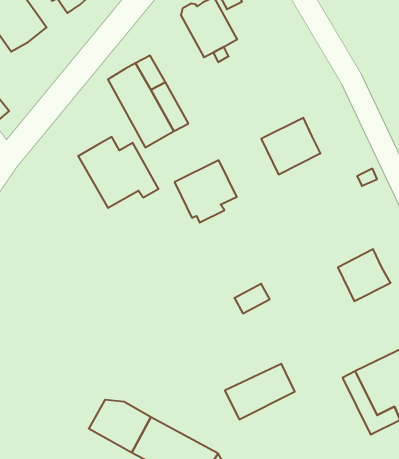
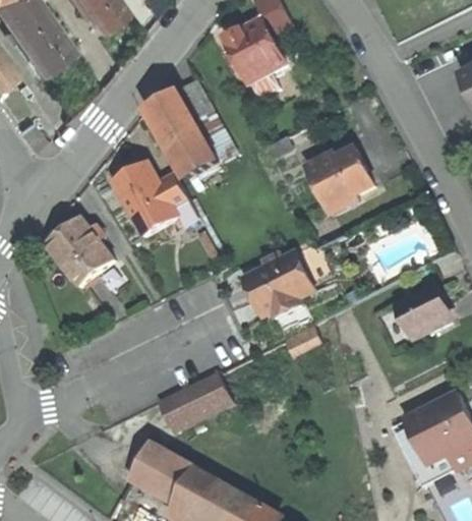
building: [175,160,237,223] -> [246,251,312,317]
building: none -> [44,216,111,285]
building: [225,364,295,419] -> [155,373,229,432]

